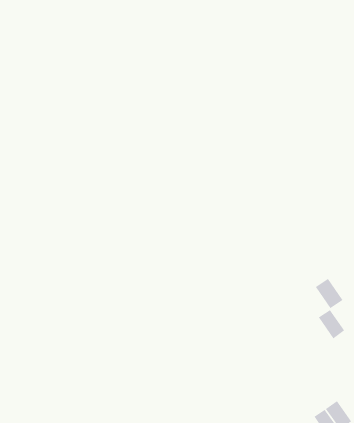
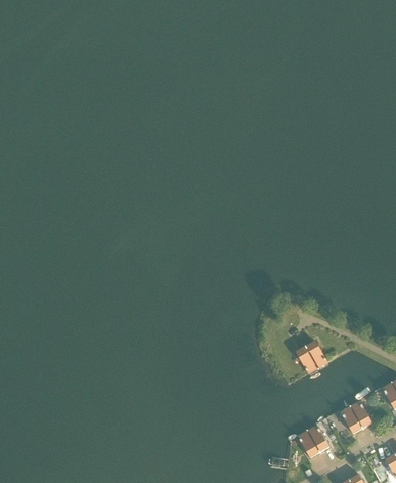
building: [315,278,343,309] -> [294,345,319,374]

